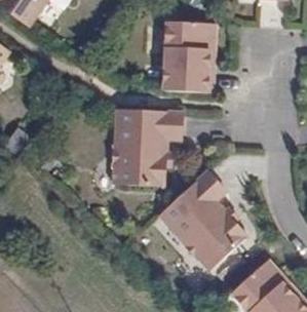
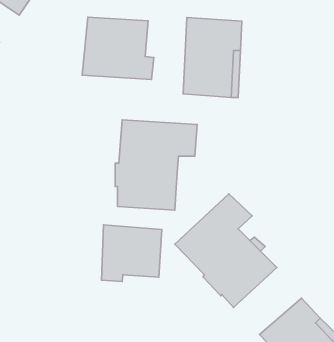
building: none -> [82,17,154,80]
building: none -> [102,225,162,281]

